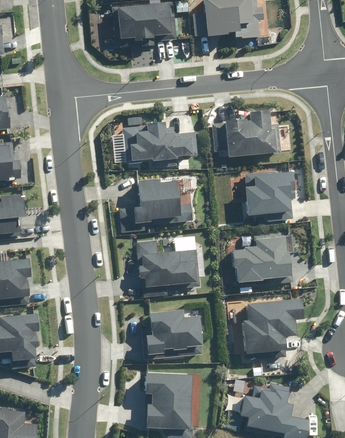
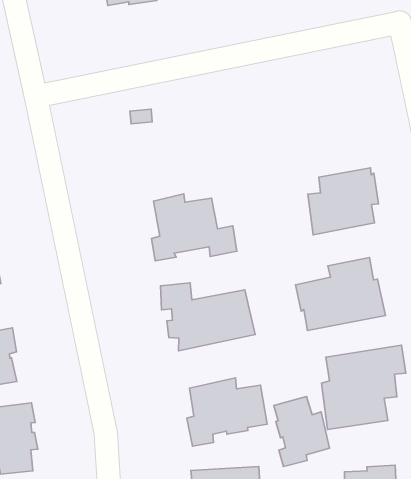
building: [219,111,290,157] -> none
building: [124,123,198,160] -> none
building: none -> [274,397,329,466]

